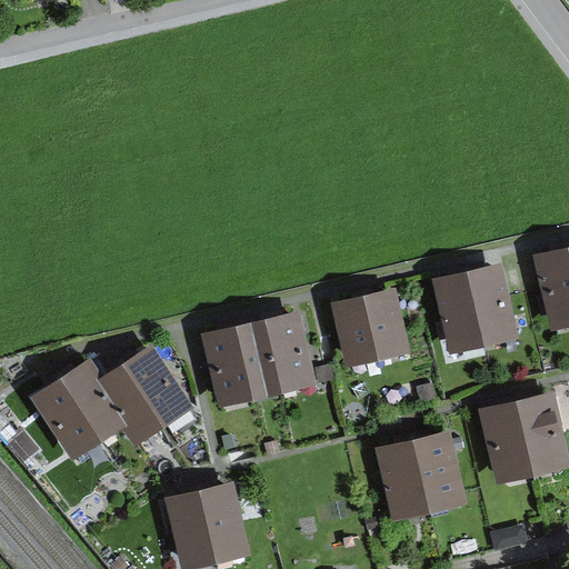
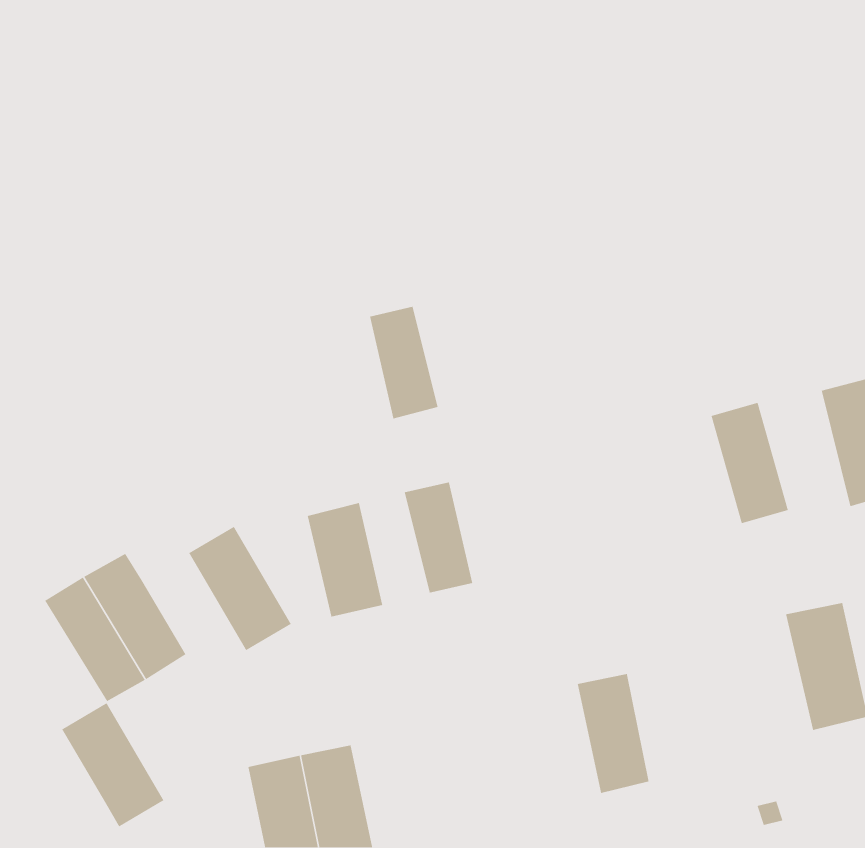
building: [435,272,487,352] -> none
building: [329,288,409,367] -> none
building: [237,322,282,397] -> [369,306,439,419]
building: [94,362,162,445] -> [61,702,165,828]
building: [481,402,533,487] -> none
building: [412,435,461,512] -> none

